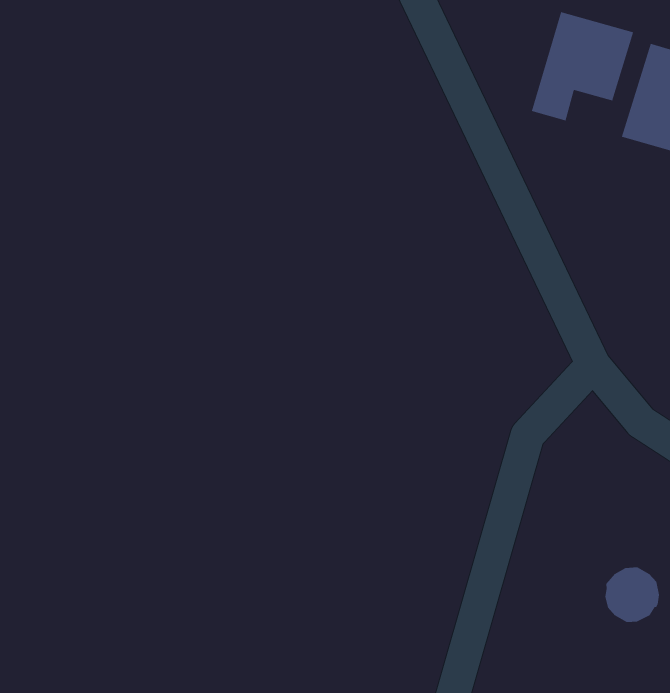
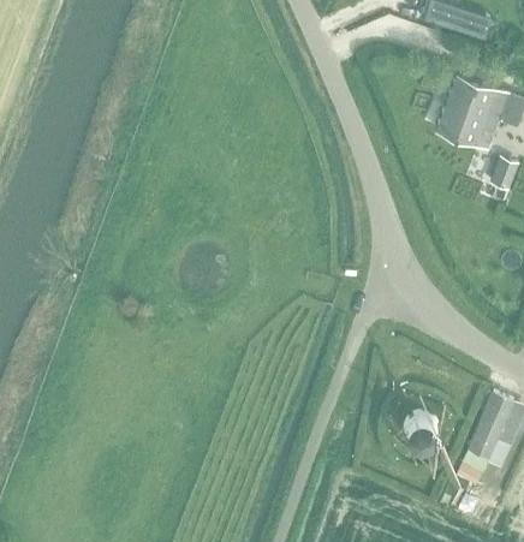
building: [531,11,634,121] -> none

